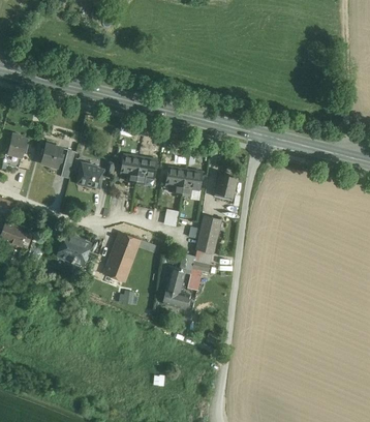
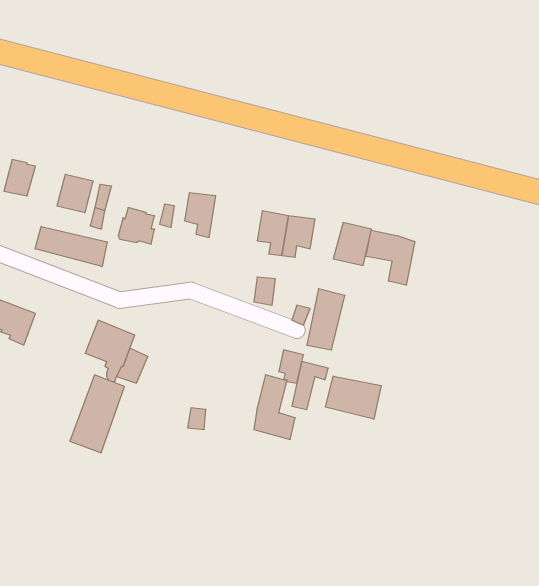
building: [135,156,157,183] -> none
building: none -> [35,226,107,267]
building: none -> [365,230,415,285]
building: [104,232,138,280] -> [70,375,124,453]
building: none -> [325,376,381,419]

